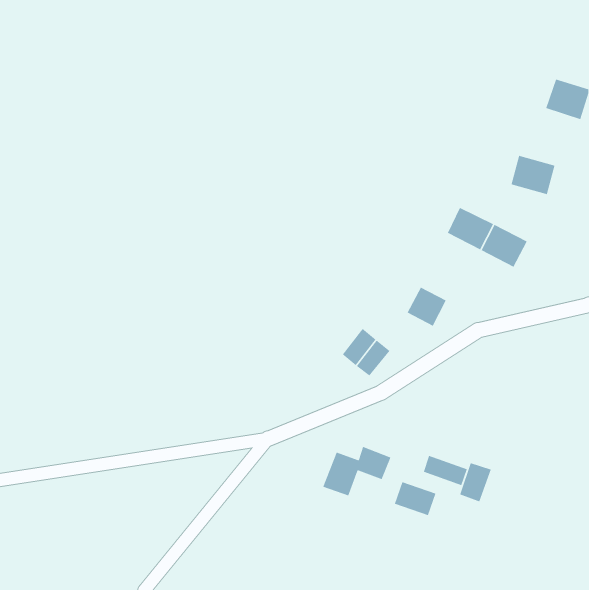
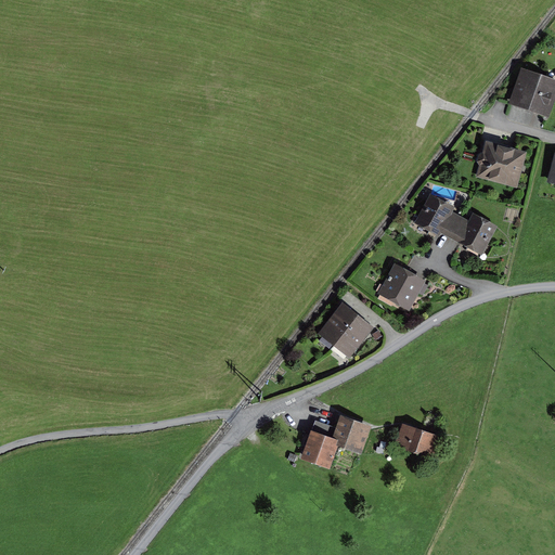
building: [459,462,492,503] -> none
building: [394,481,436,516] -> none

